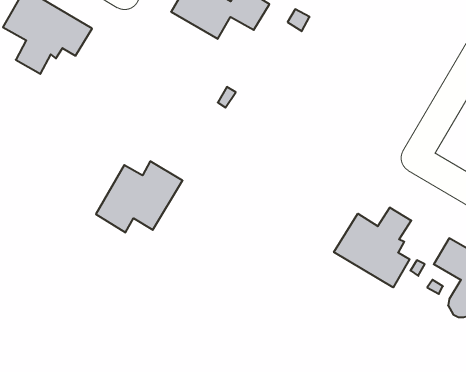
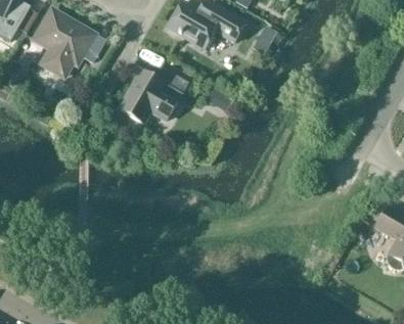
building: [96,161,183,232] -> [120,66,188,123]
building: [334,207,411,287] -> none

